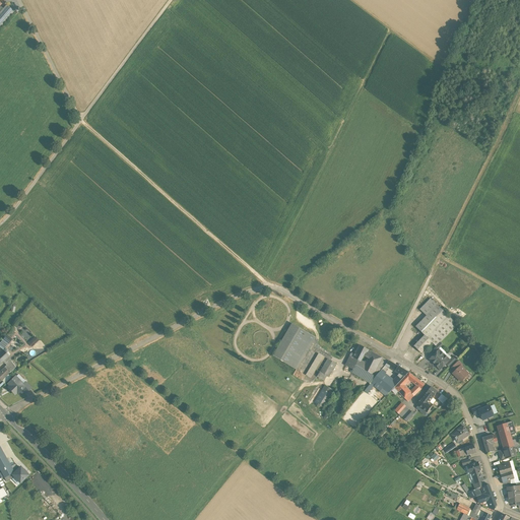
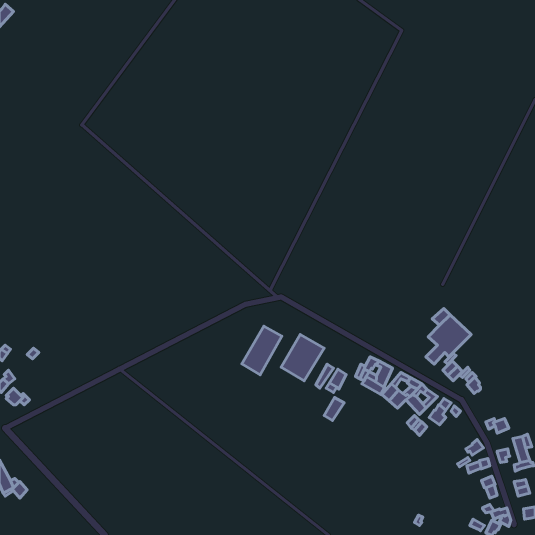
building: none -> [242,326,282,375]

